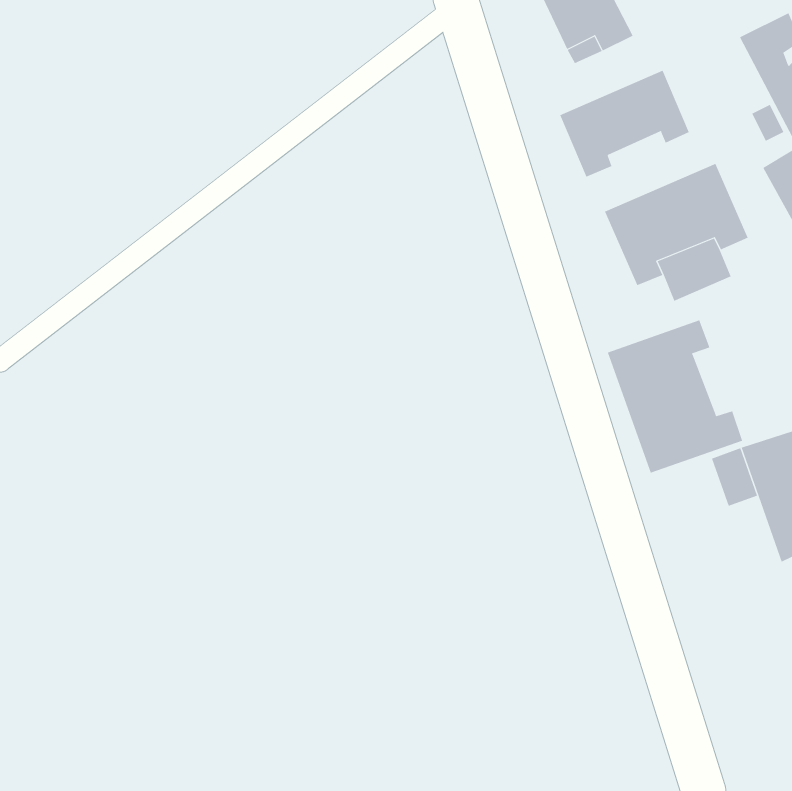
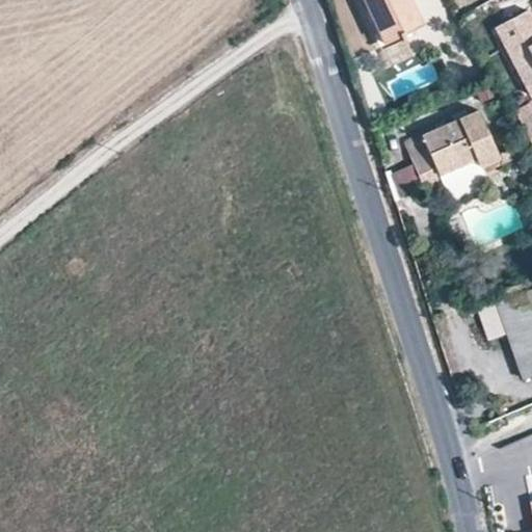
building: [559,70,690,178] -> none
building: [607,320,743,474] -> none

